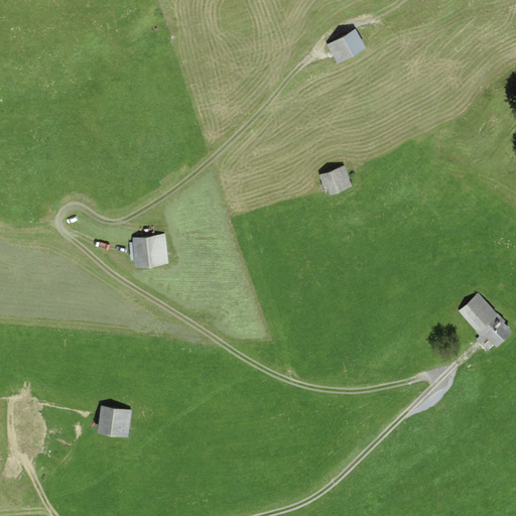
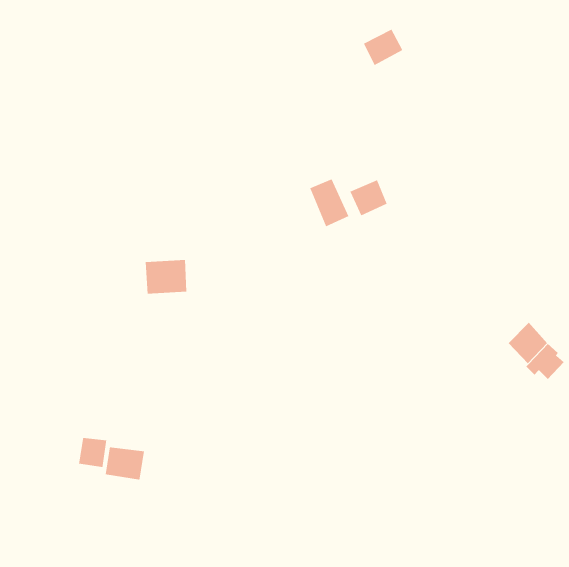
building: none -> [309,179,349,227]
building: none -> [78,437,107,468]

